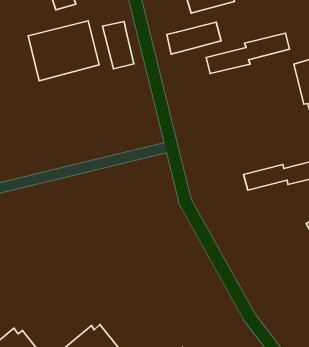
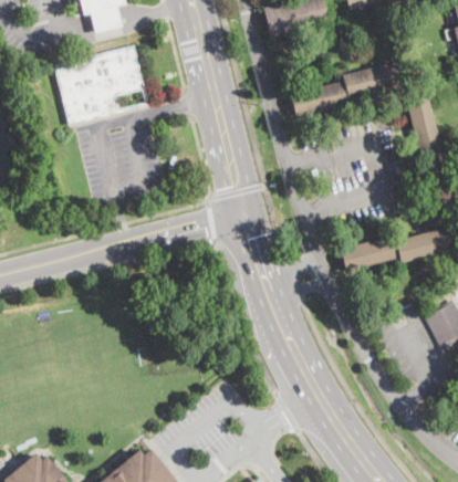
building: [102,21,134,69] -> none
building: [167,22,221,54] -> none

